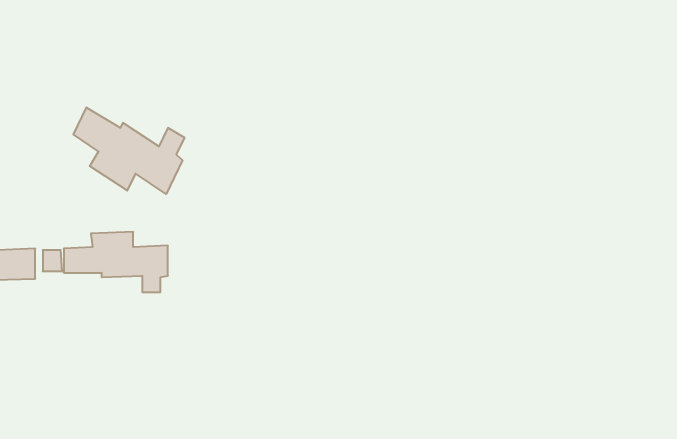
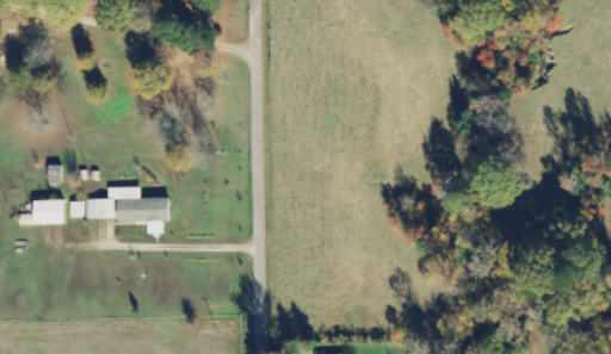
building: [73,107,184,194] -> none

